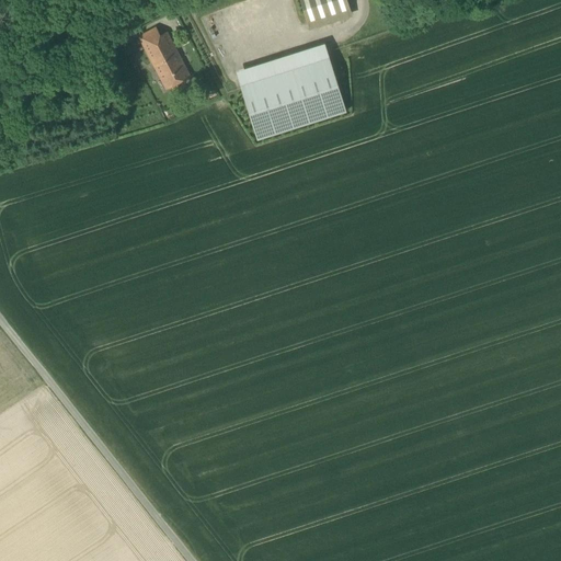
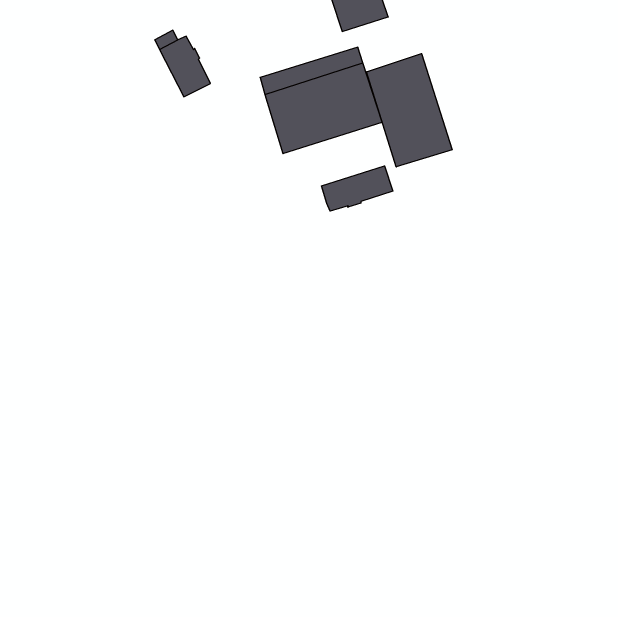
building: none -> [366,54,452,167]
building: none -> [322,166,393,211]

